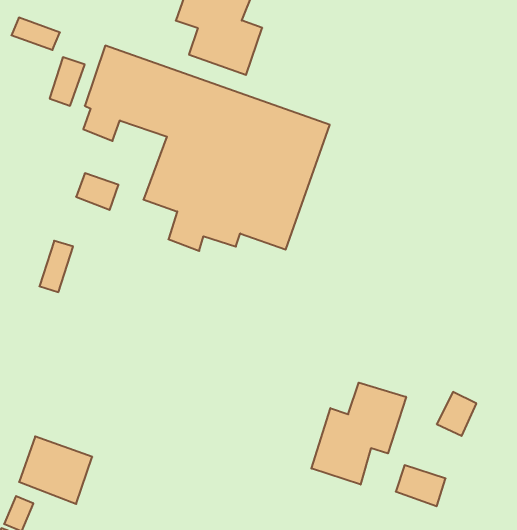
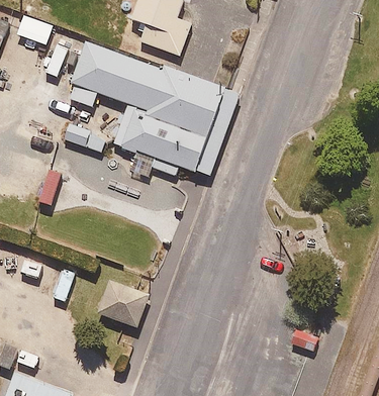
building: [311,383,406,485] -> none
building: [19,436,92,504] -> [100,283,151,329]

